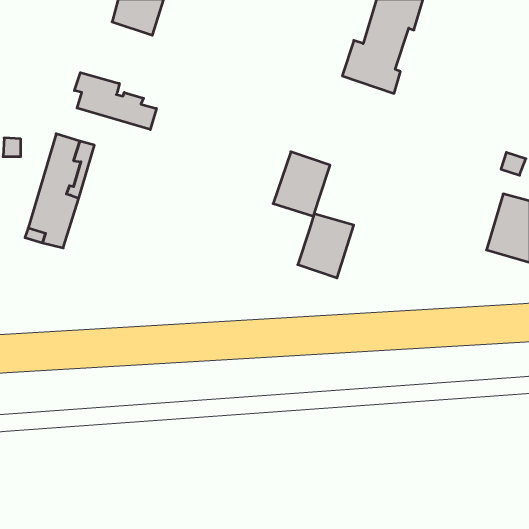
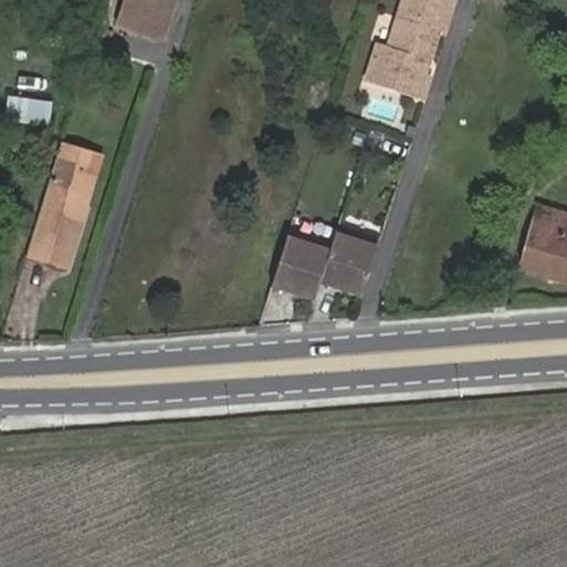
building: [74,73,156,130] -> none
building: none -> [7,96,53,126]
building: [273,152,330,216] -> [270,231,331,300]

